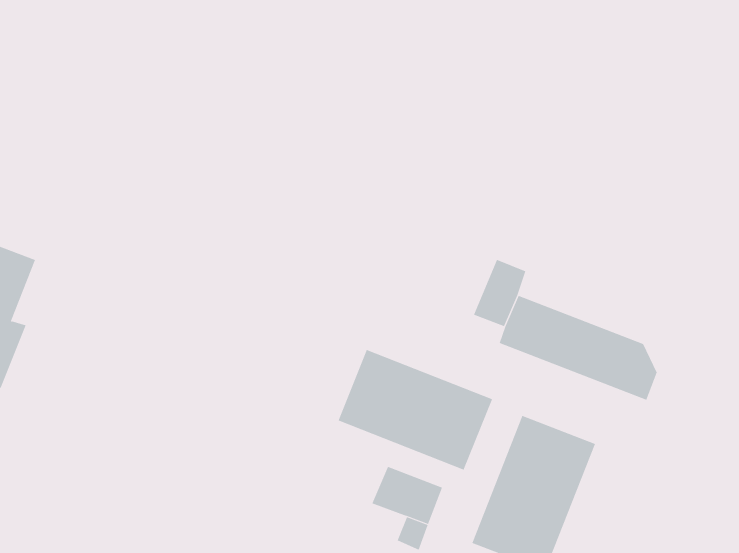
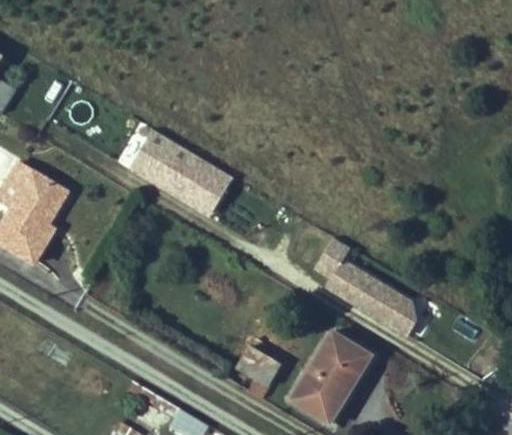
building: none -> [129,129,233,217]
building: [338,349,493,471] -> none

